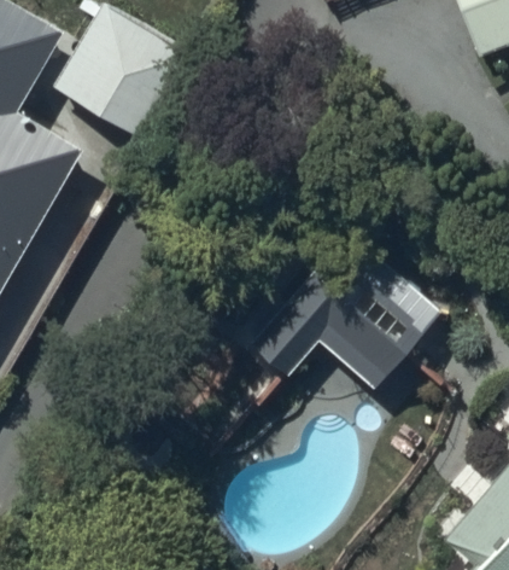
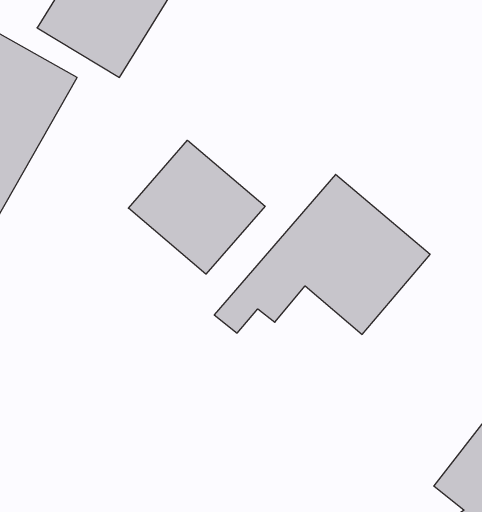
building: none -> [128,140,265,274]

